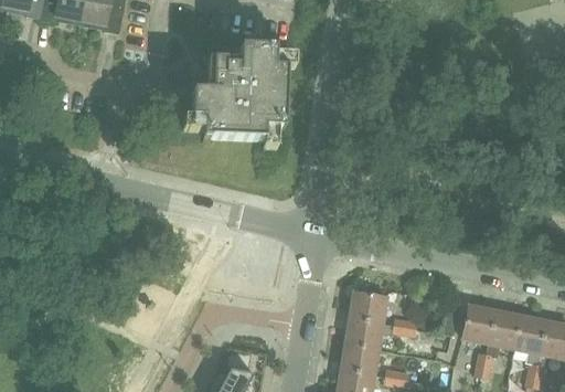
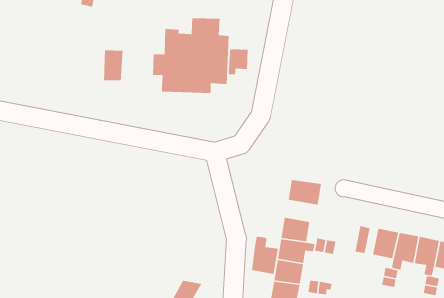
building: none -> [228,49,249,75]
building: none -> [103,50,124,81]
building: none -> [288,179,322,205]
building: none -> [251,236,279,275]

